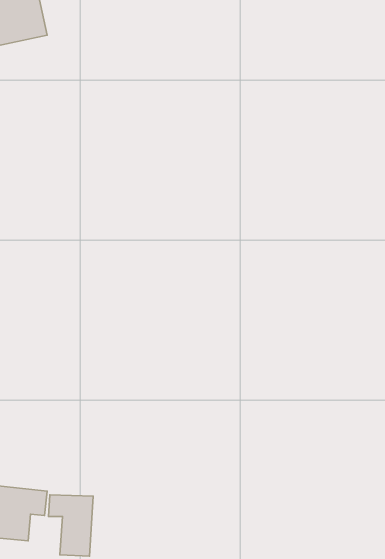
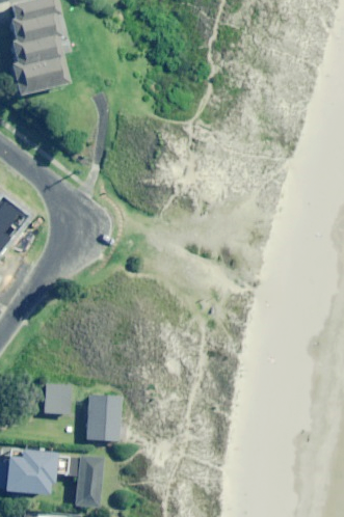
building: none -> [46,385,73,414]
building: none -> [88,396,123,441]

